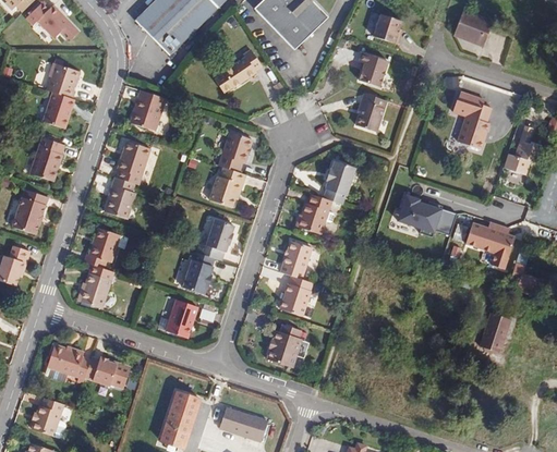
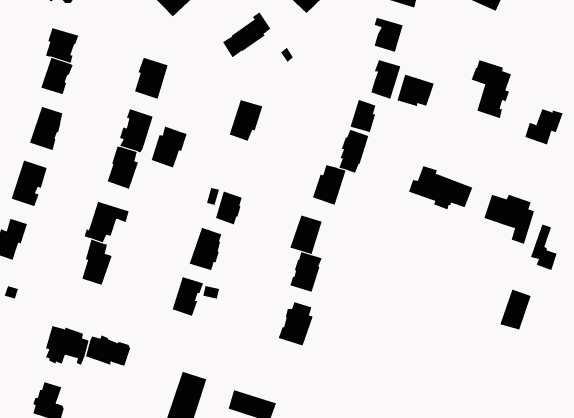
building: none -> [397,74,435,107]
building: none -> [350,99,376,133]
building: [211,166,246,206] -> [151,126,187,168]

